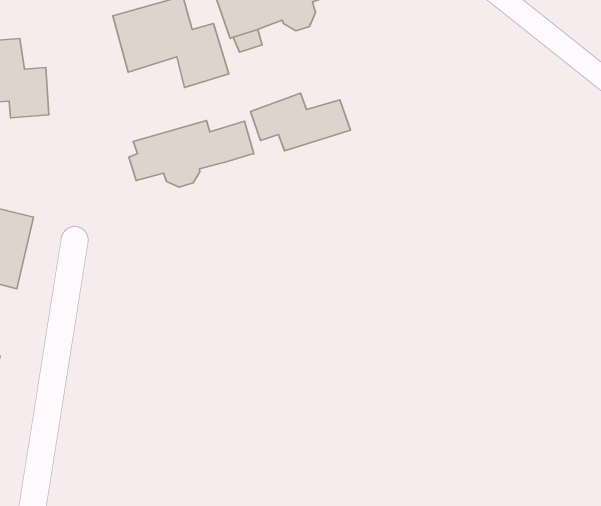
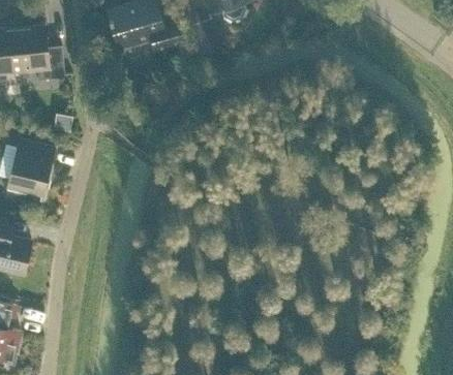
building: [250,93,350,151] -> none
building: [129,121,254,187] -> none

